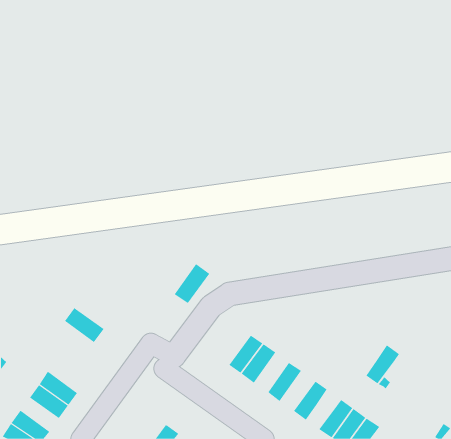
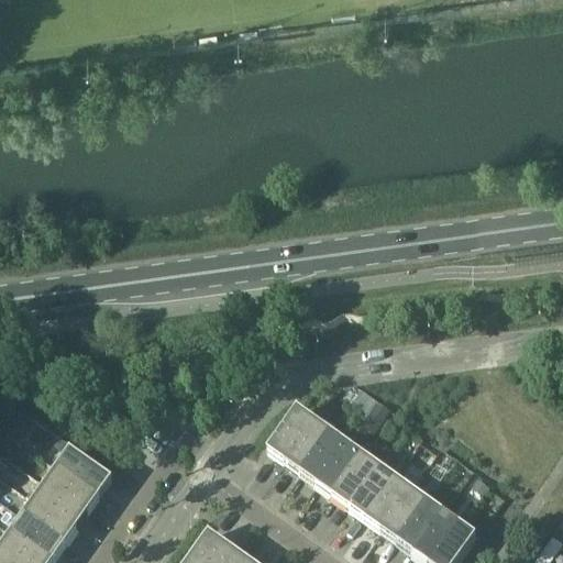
building: [174,263,210,304] -> [267,404,312,454]
building: [64,308,105,343] -> [59,445,110,489]
building: [365,344,400,384] -> [382,485,424,534]
building: none -> [317,439,360,488]
building: none -> [349,462,393,511]
building: none -> [25,495,74,538]

